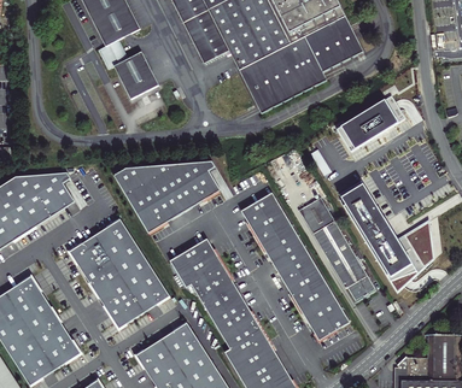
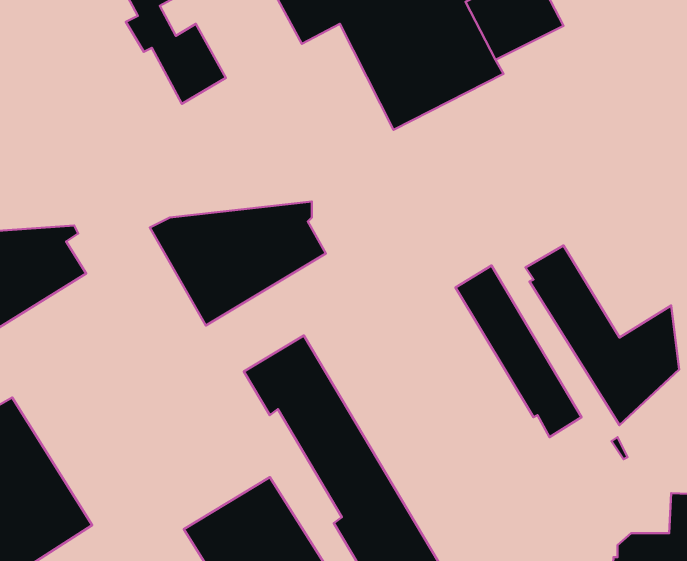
building: [335,95,404,152] -> none
building: [240,192,349,340] -> none
building: [69,219,169,329] -> none

